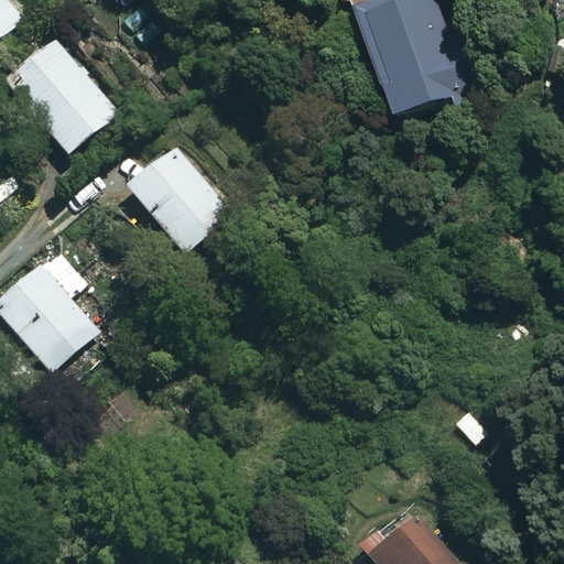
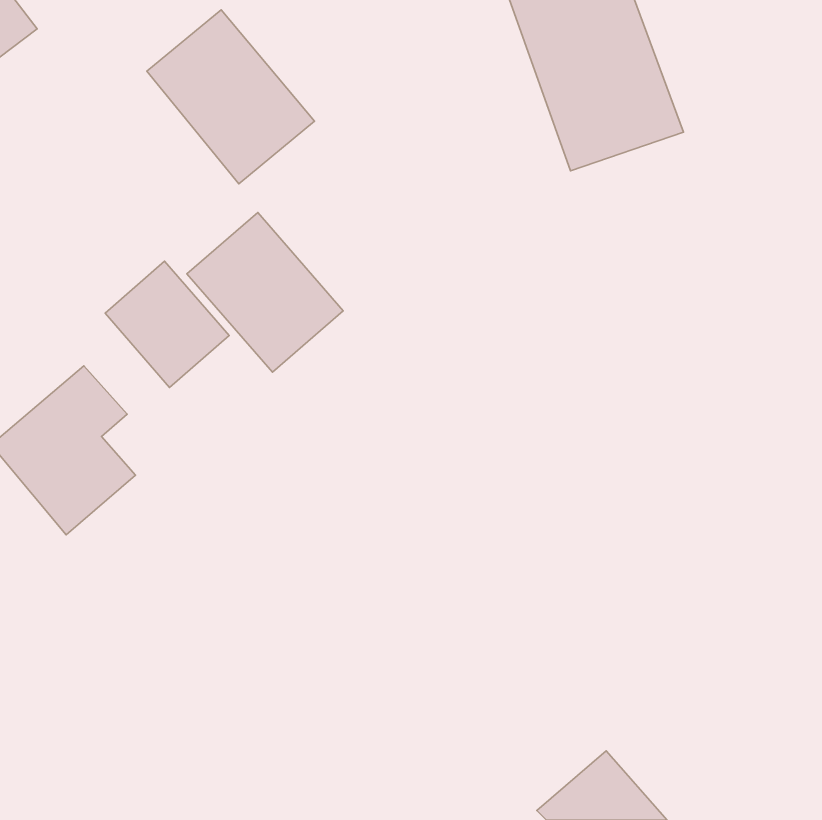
building: [6,37,120,156] -> [147,10,315,184]
building: none -> [105,261,229,387]

